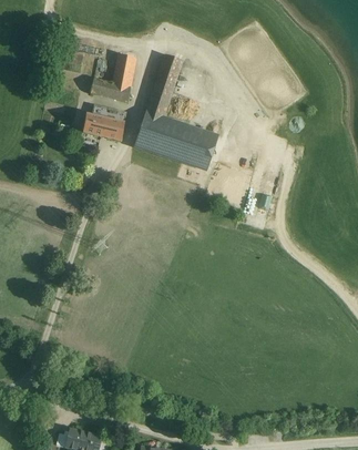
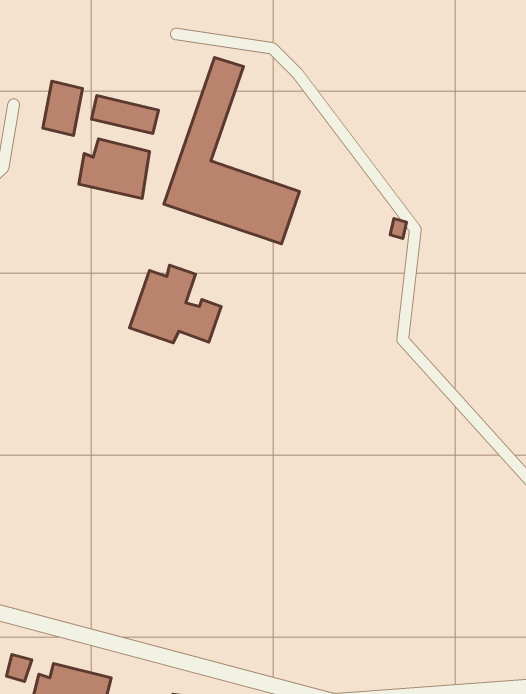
building: [112,54,136,88] -> [43,81,82,135]
building: none -> [130,265,221,343]

